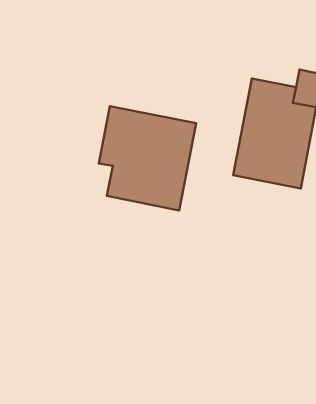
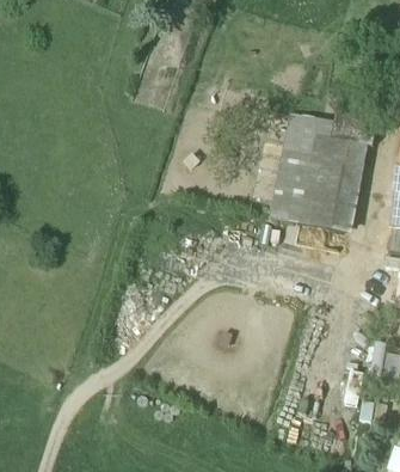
building: [99,106,196,210] -> none

